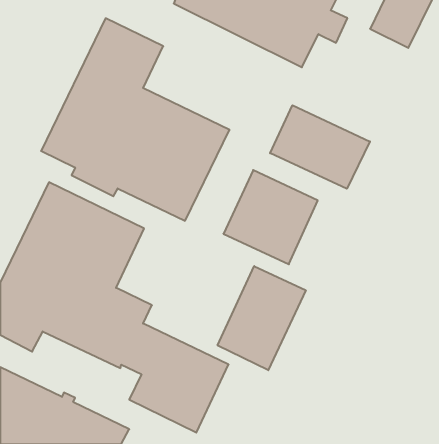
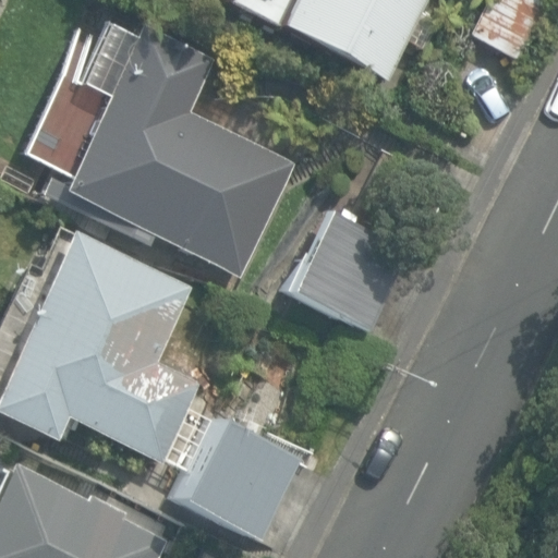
building: [270,105,370,189] -> none
building: [218,266,306,370] -> none

